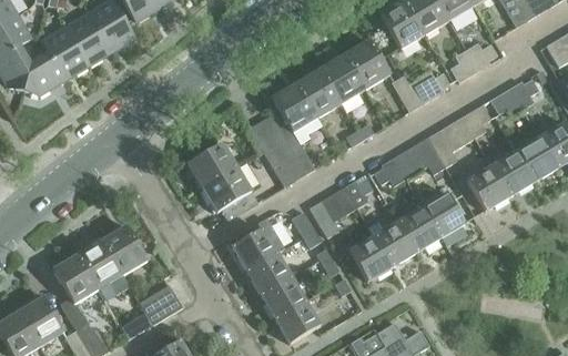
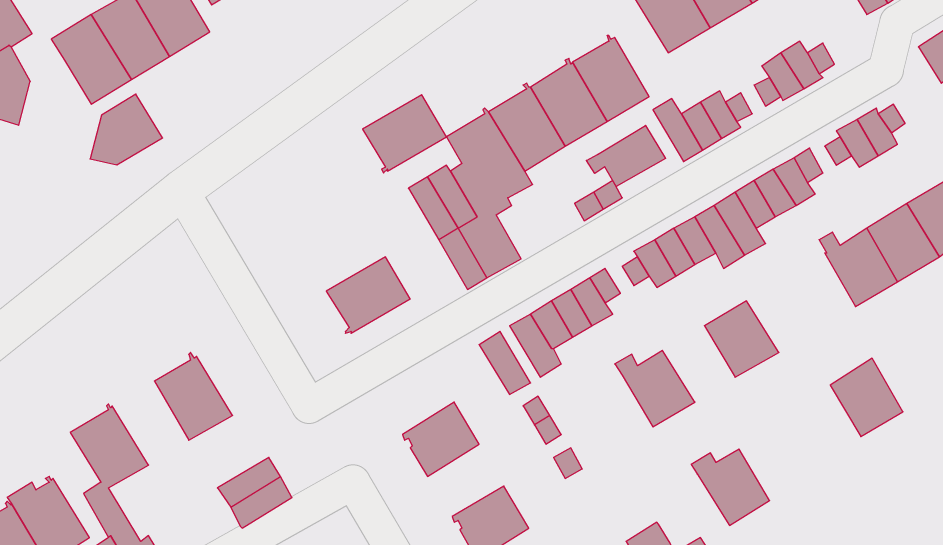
building: [23,53,65,94] -> [90,94,163,165]
building: none -> [586,125,666,187]
building: [187,143,236,189] -> [363,95,447,173]
building: [467,165,509,211] -> [830,358,903,437]
building: [394,207,439,252] -> [691,449,770,525]
building: [231,218,284,271] -> none
building: [349,236,392,282] -> none
building: [77,237,130,293] -> none
building: [261,276,305,318] -> none

